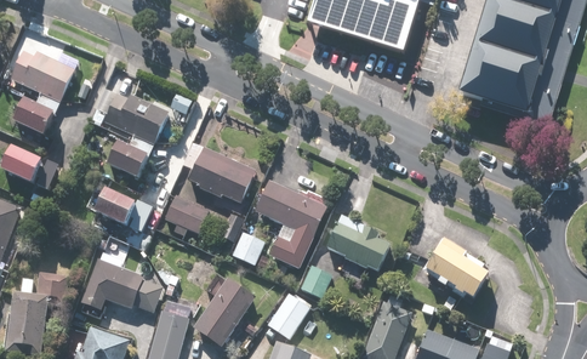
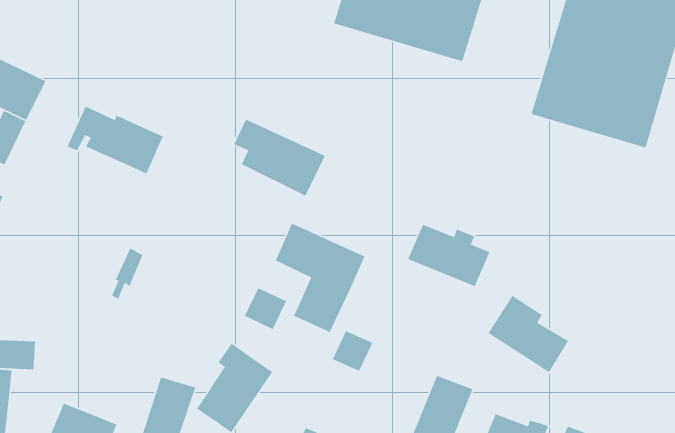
building: [107,133,154,177] -> none
building: [183,141,256,203] -> [233,118,326,197]
building: [95,187,136,226] -> none
building: [164,193,210,233] -> none
building: [325,220,391,269] -> [407,224,490,287]
building: [81,239,165,312] -> none
building: [267,290,312,336] -> none

